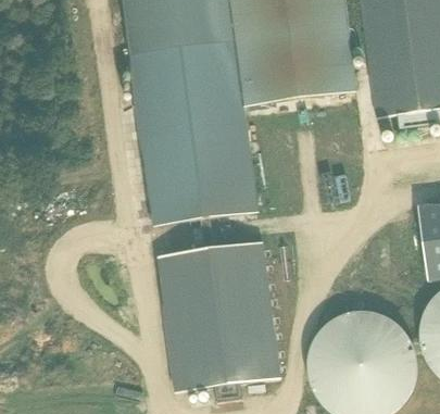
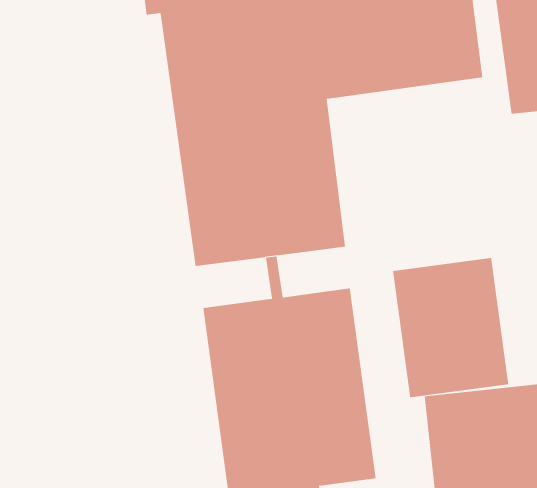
building: none -> [393,257,509,398]

